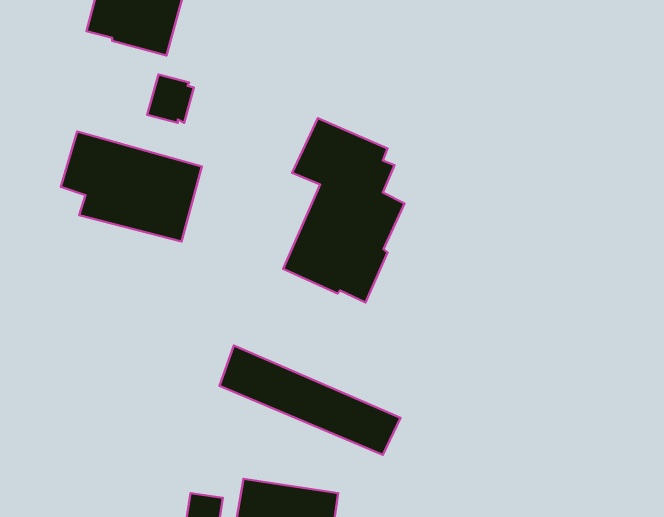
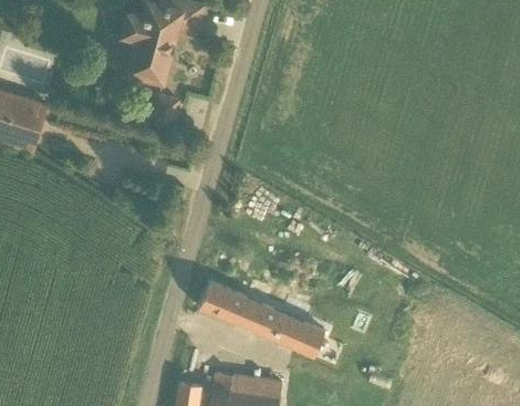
building: [283,118,404,302] -> none
building: [61,132,202,242] -> none

